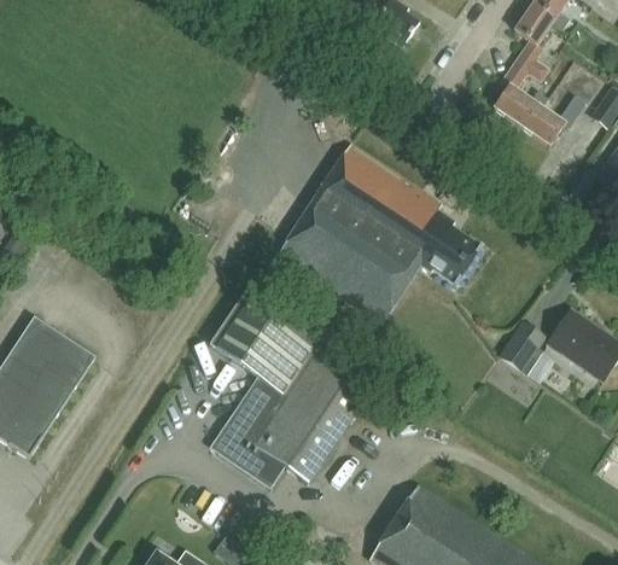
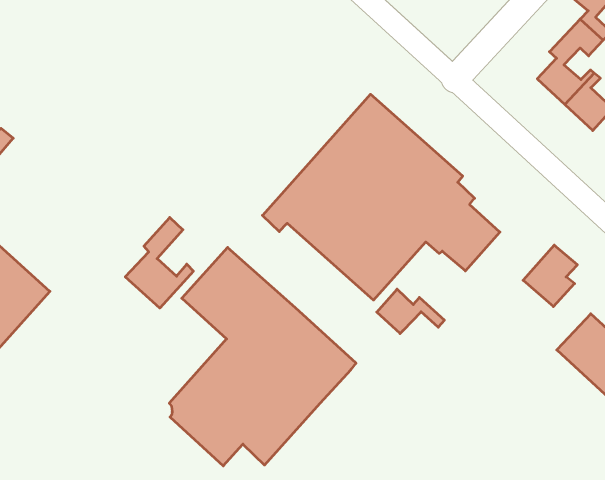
building: none -> [125,217,193,308]
building: none -> [377,289,444,334]
building: [497,321,543,375] -> [523,245,577,307]

